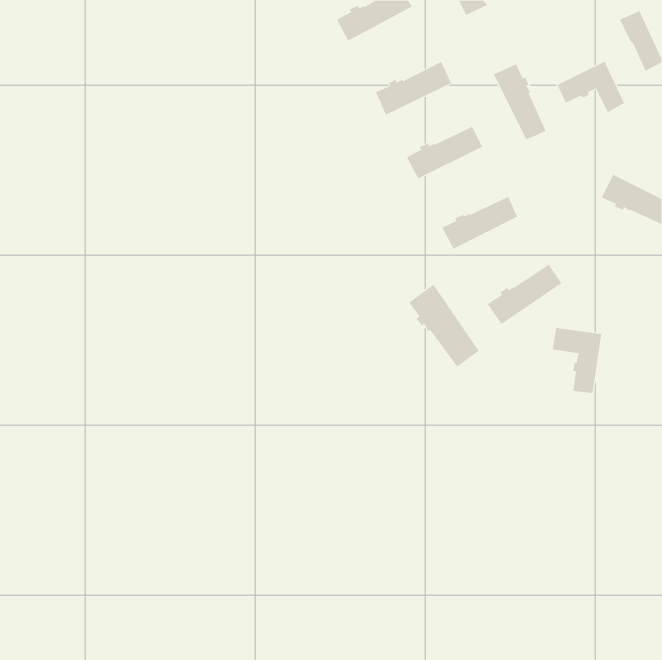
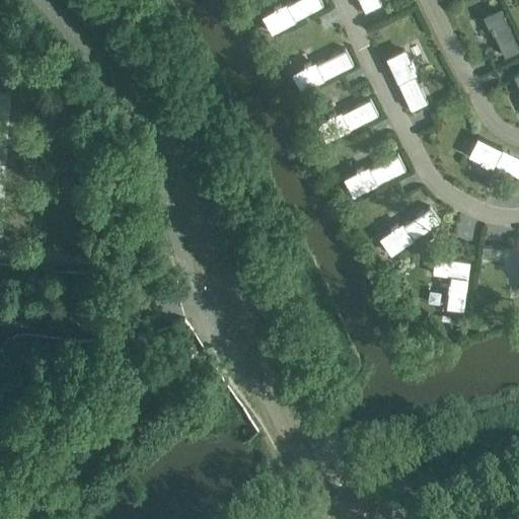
building: [557,61,625,113] -> none
building: [408,284,479,368] -> none

